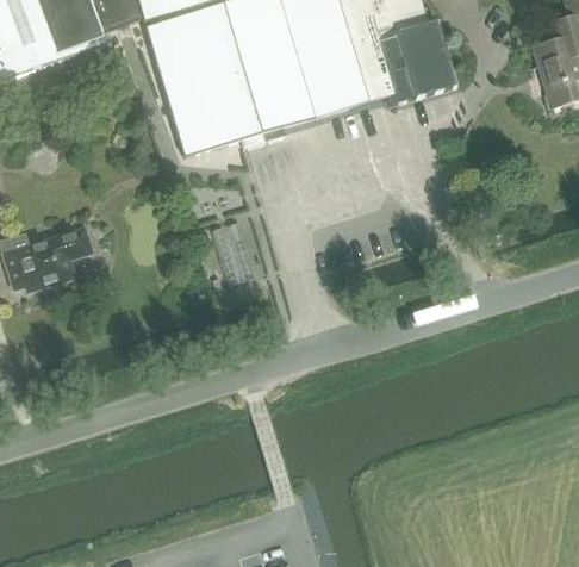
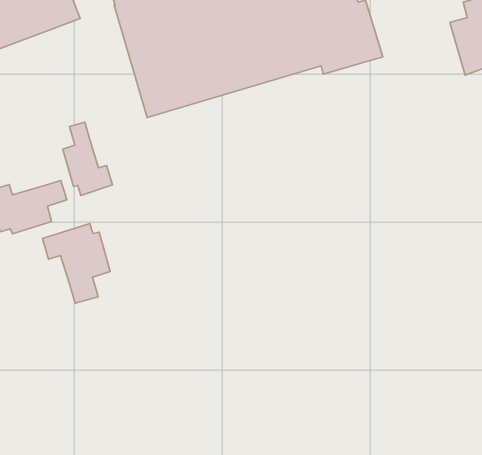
building: none -> [63,122,112,195]
building: none -> [43,223,110,303]

